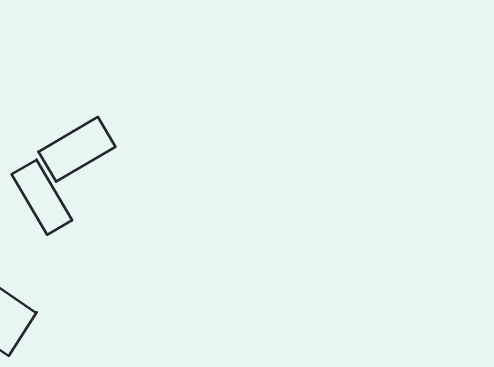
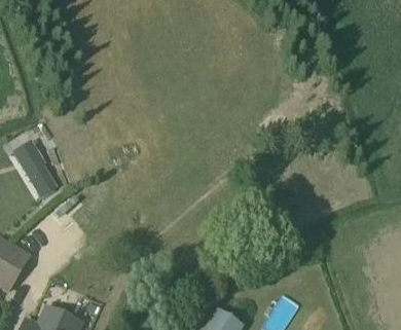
building: [38,117,115,182] -> none

